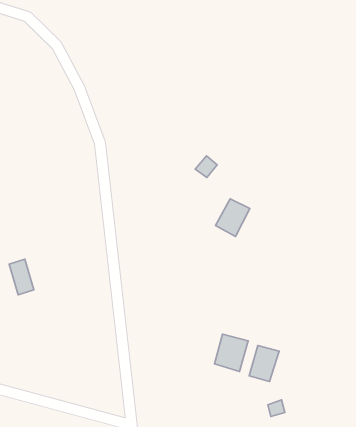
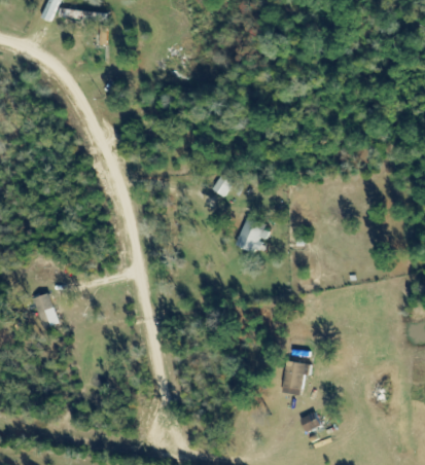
building: [214,334,248,372] -> none

